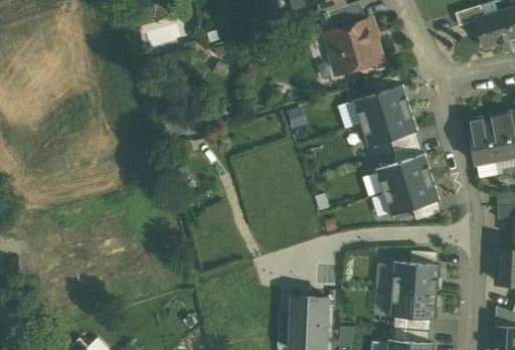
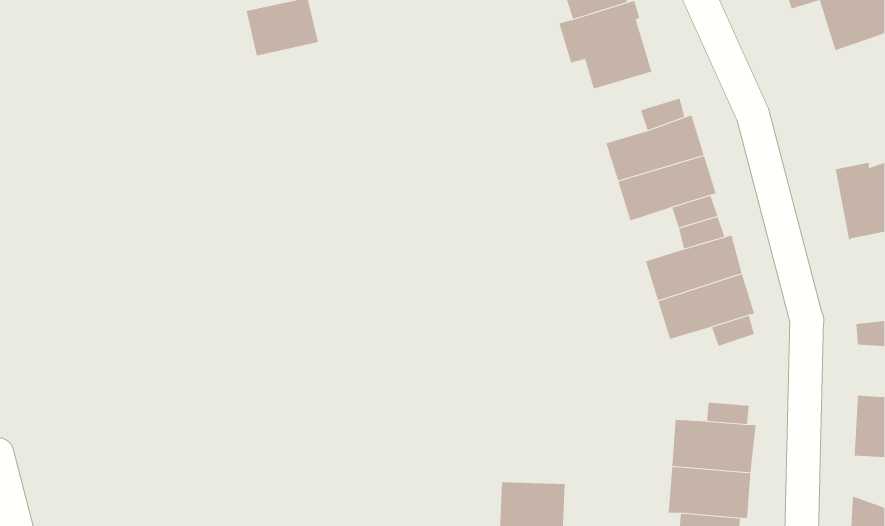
building: [467,118,496,166] -> none

